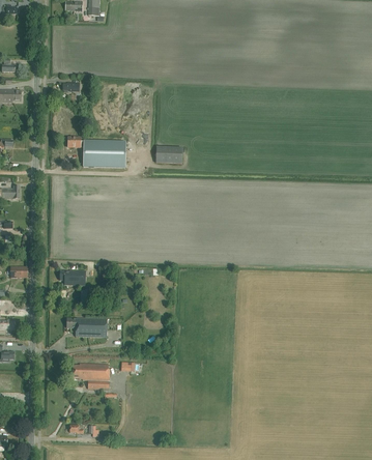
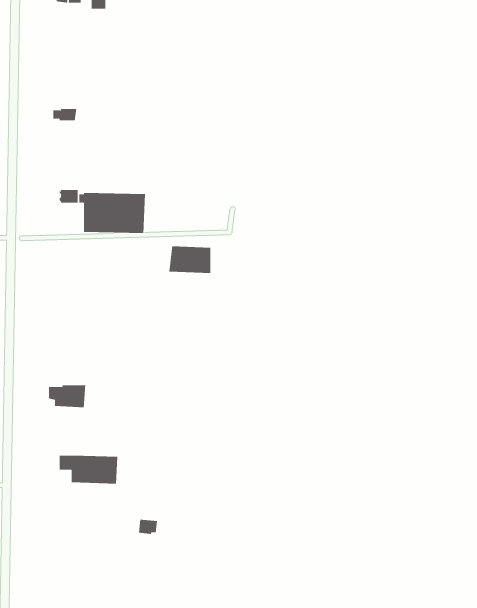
building: [153,146,182,165] -> [168,246,211,273]
building: [73,363,110,389] -> none

